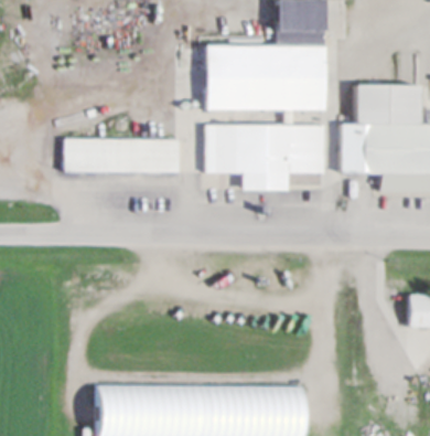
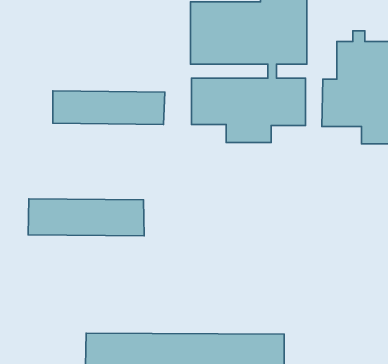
building: none -> [28,199,144,236]

